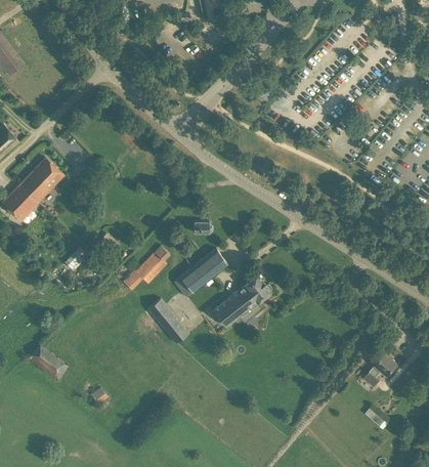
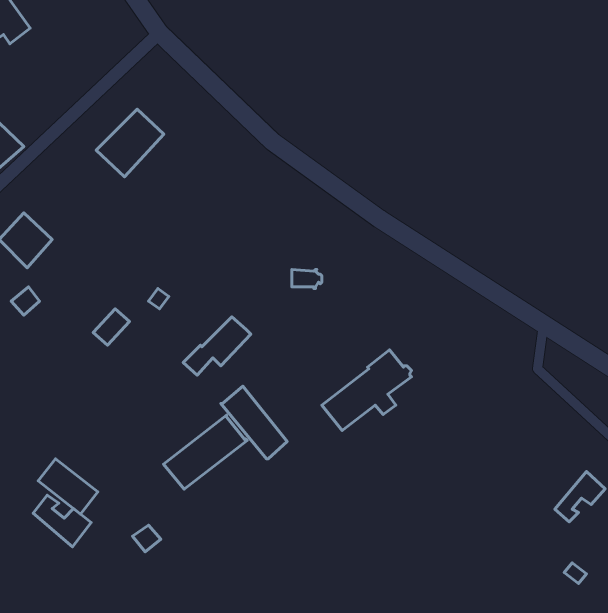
building: [18,158,62,202] -> [96,109,164,177]
building: [174,248,228,296] -> [164,415,247,489]
building: none -> [33,495,91,547]

